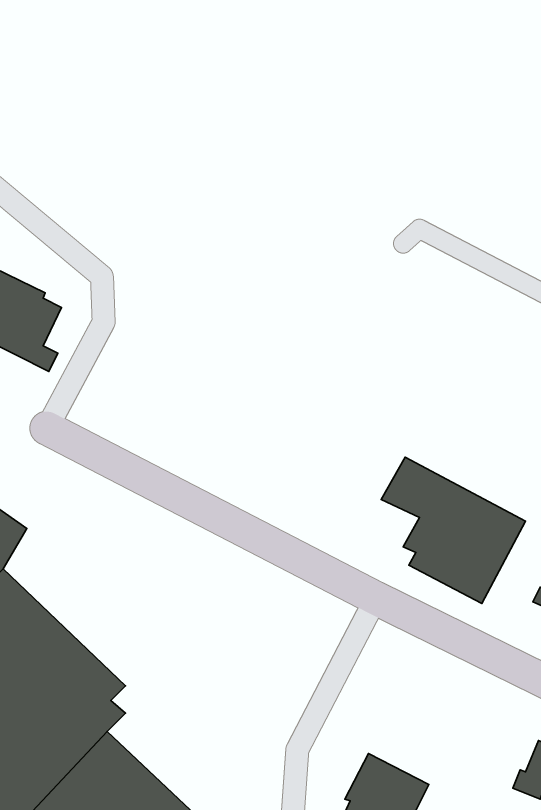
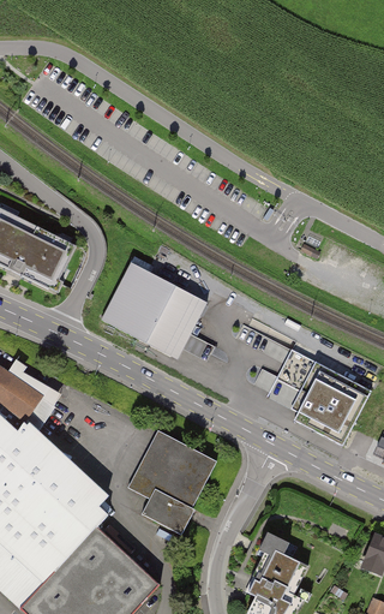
building: none -> [97,261,209,363]
building: none -> [124,434,215,536]

